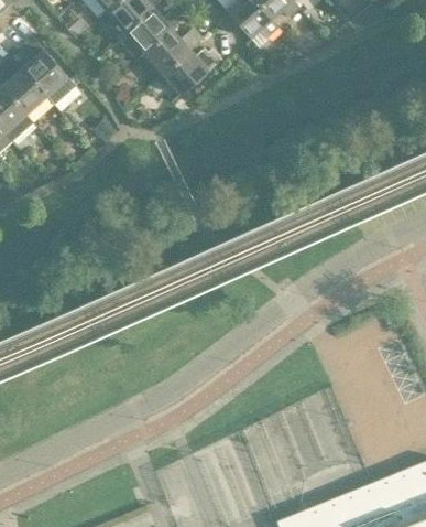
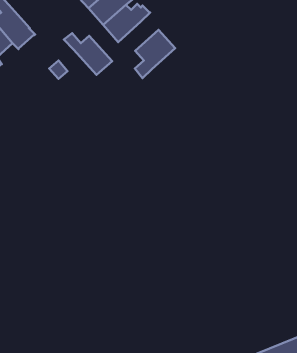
building: none -> [135,30,175,78]
building: none -> [64,33,112,75]

